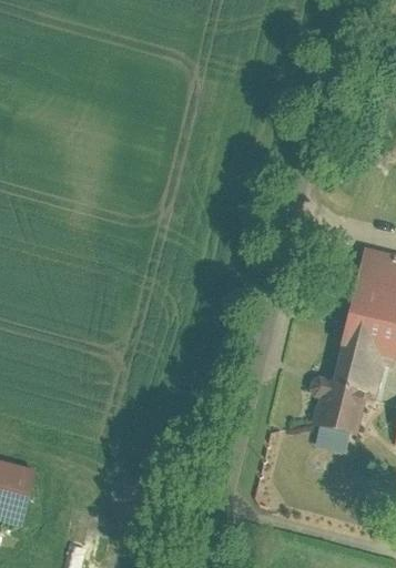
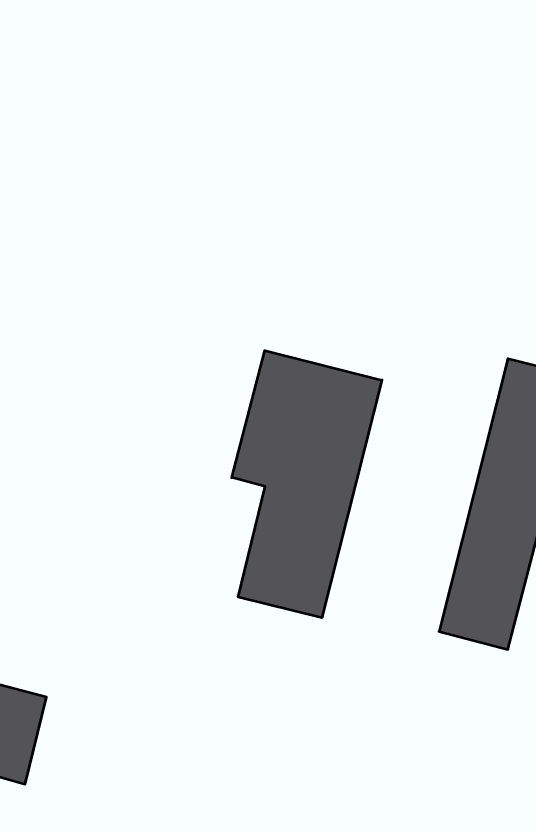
building: none -> [232,351,382,618]

